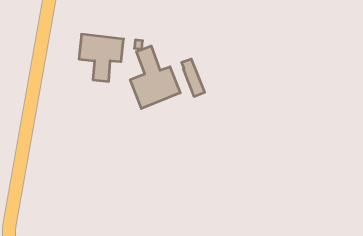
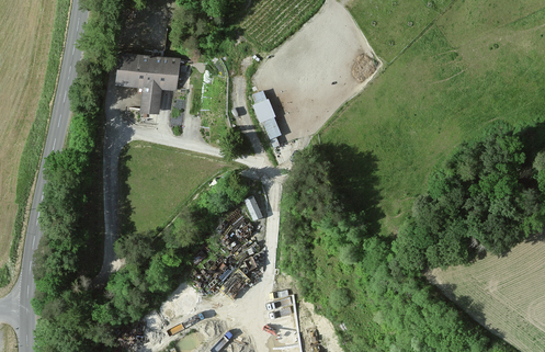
building: [130,46,180,109] -> none

